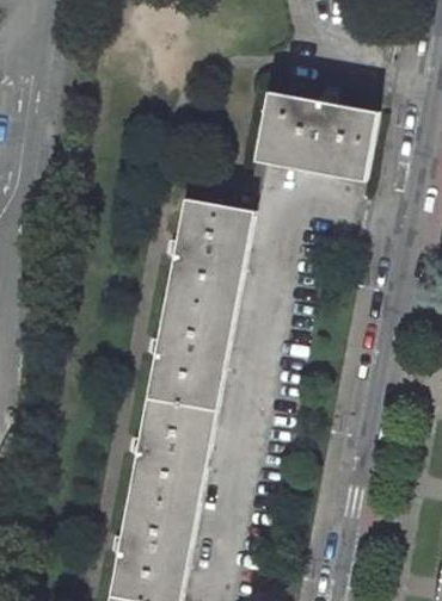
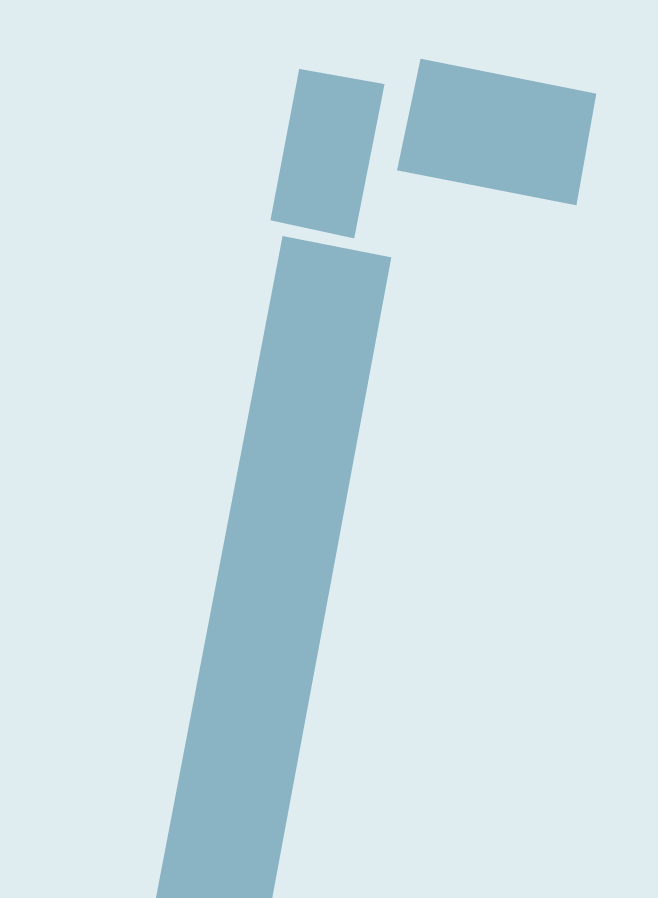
building: none -> [270,68,385,239]

